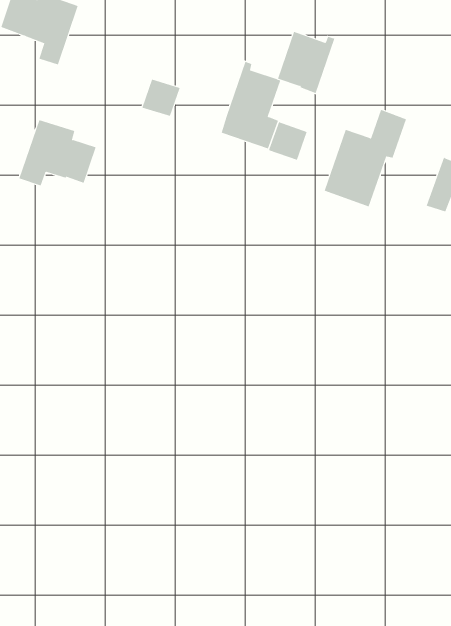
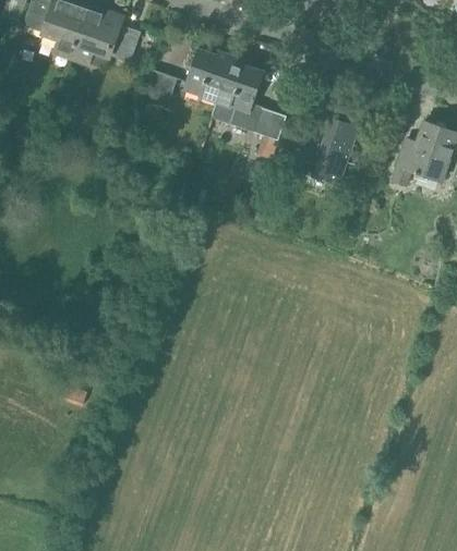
building: [277,31,335,94] -> [183,48,233,102]
building: [19,119,97,186] -> [72,7,140,64]

